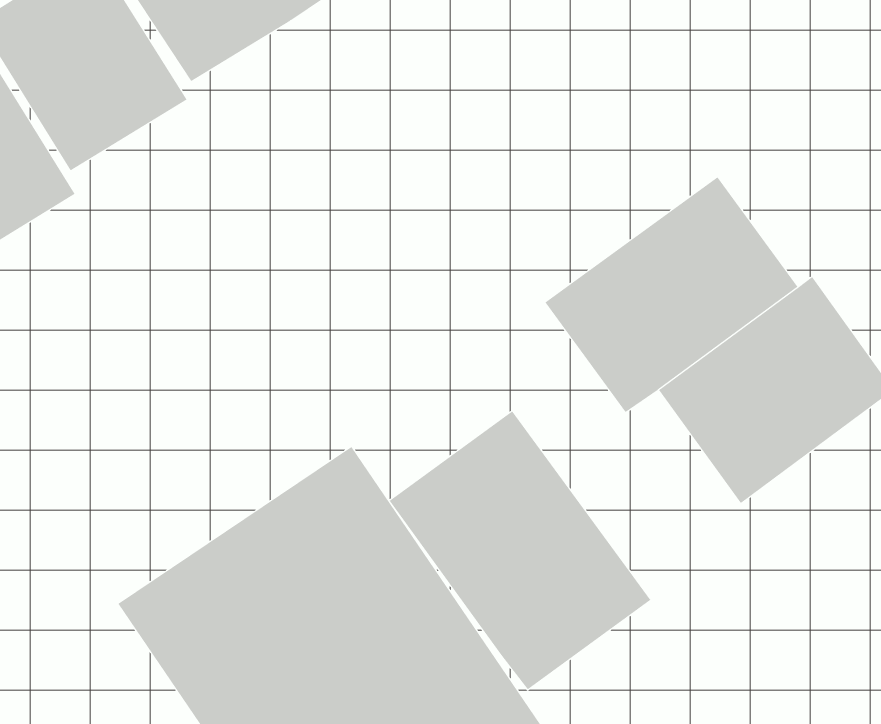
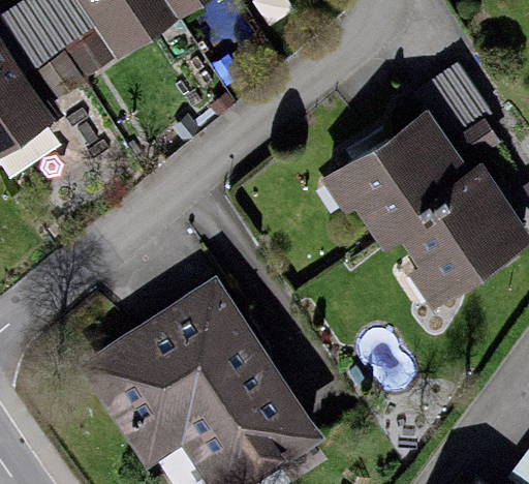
building: [389,410,651,690] -> none

